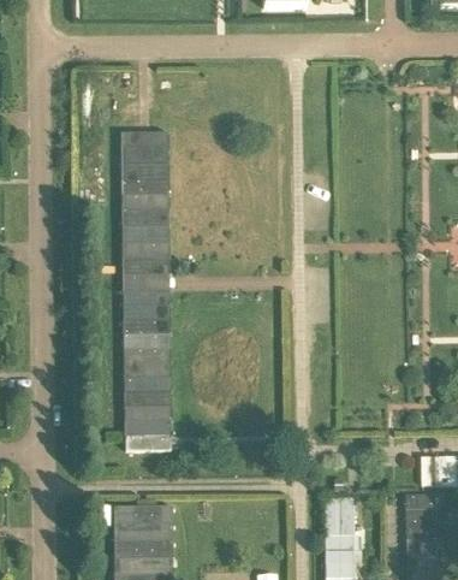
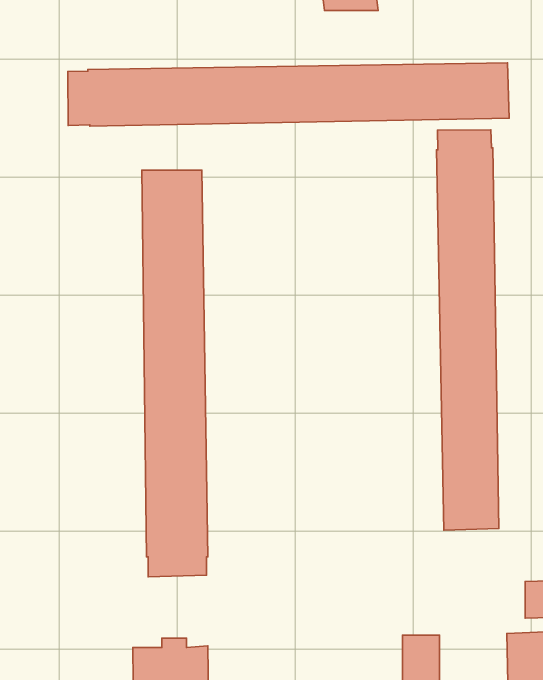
building: none -> [68,63,509,126]
building: none -> [437,130,499,530]

